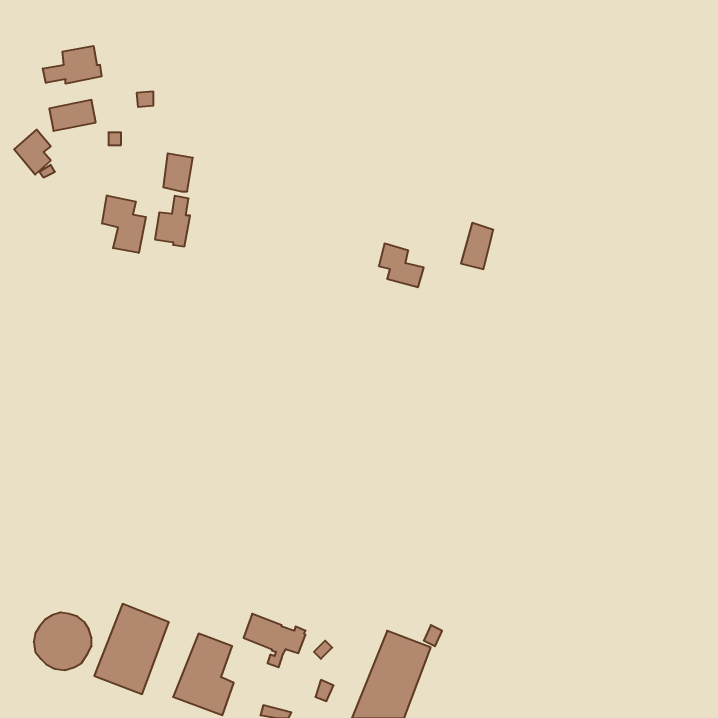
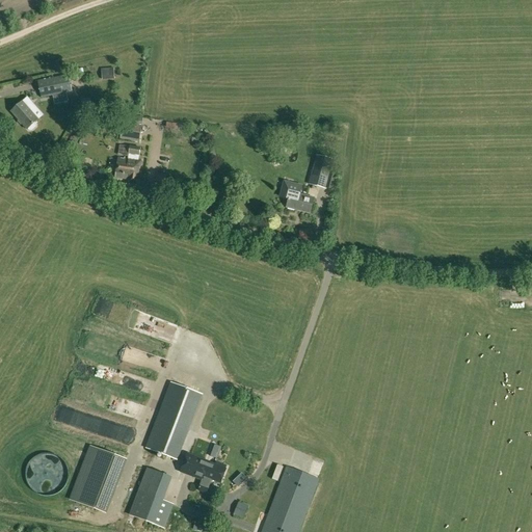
building: [43,46,102,84] -> none
building: [102,195,146,253] -> none
building: [461,223,493,269] -> [308,154,331,188]
building: none -> [145,381,202,459]

